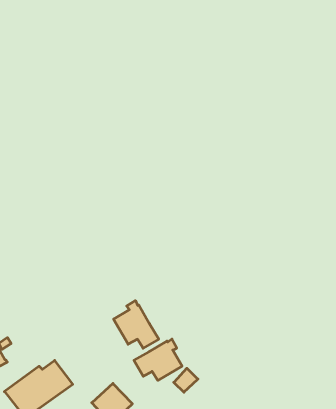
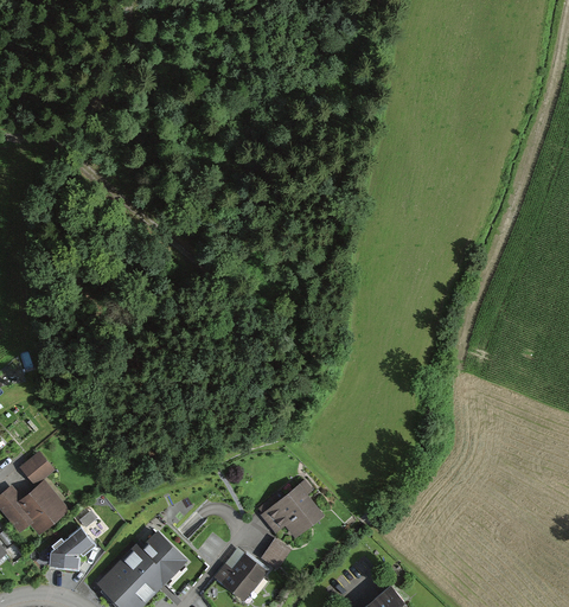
building: [114,301,159,348] -> none
building: [174,368,198,392] -> [261,538,292,570]

